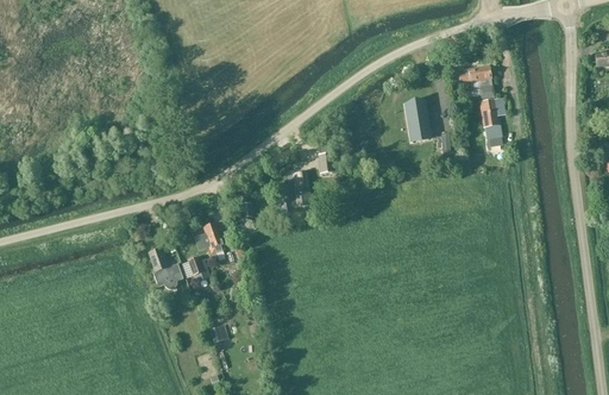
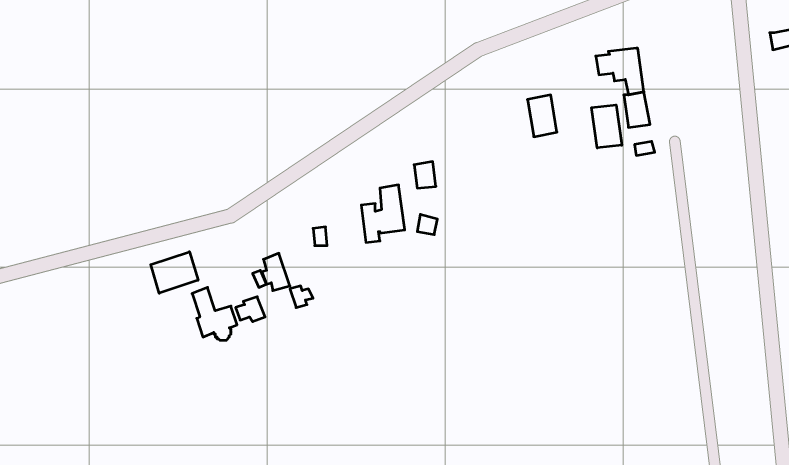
building: none -> [592,105,622,148]
building: none -> [151,252,198,293]

